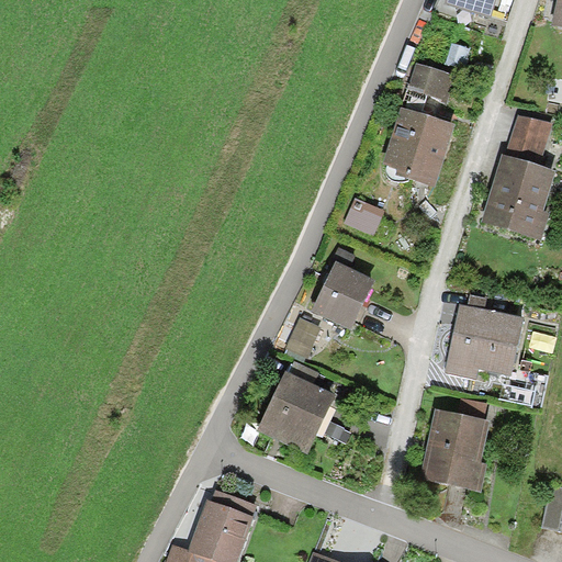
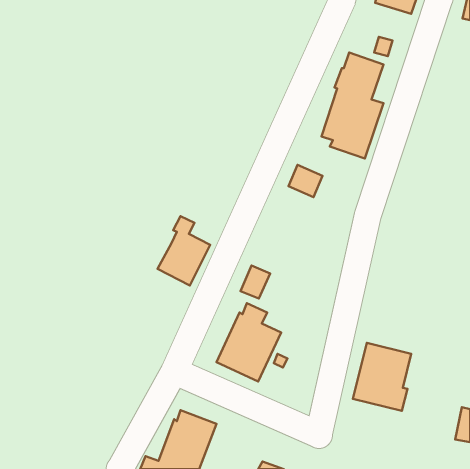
building: [479,116,552,240] -> none
building: [311,246,373,328] -> [158,216,210,285]
building: [446,294,520,379] -> none

